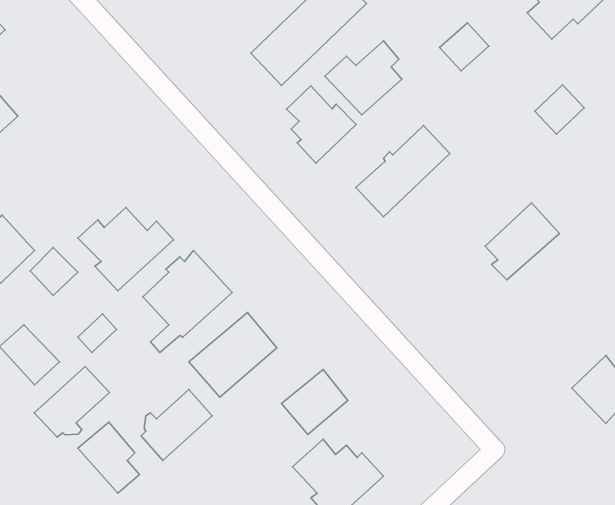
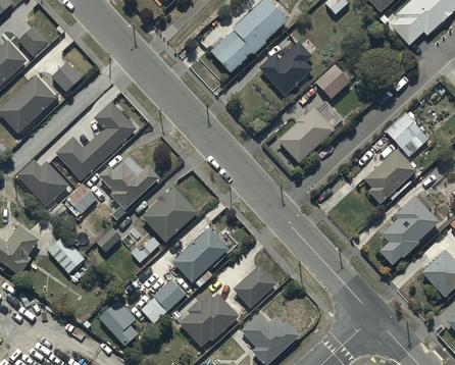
building: [440,23,489,71] -> [317,67,350,99]
building: none -> [50,59,83,92]
building: [535,85,584,134] -> [389,117,421,150]
building: [287,86,356,163] -> none
building: none -> [55,100,139,180]
building: none -> [382,203,437,266]
building: [34,366,110,437] -> none
building: none -> [176,292,240,346]

